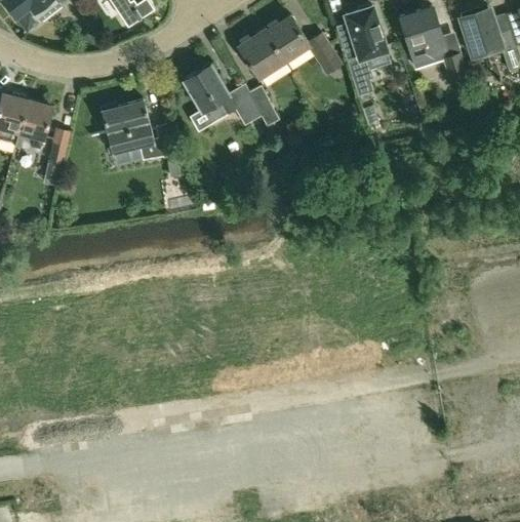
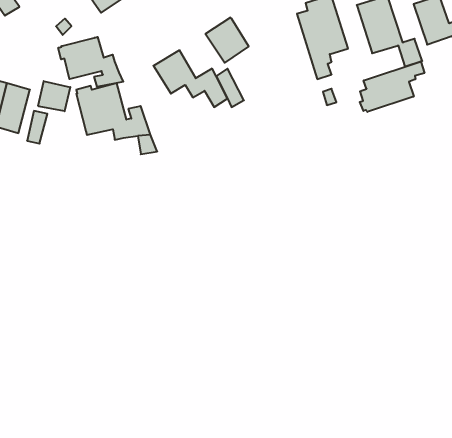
building: [266,15,343,74] -> none
building: none -> [58,37,123,87]
building: none -> [360,61,424,112]
building: none -> [38,81,70,111]

